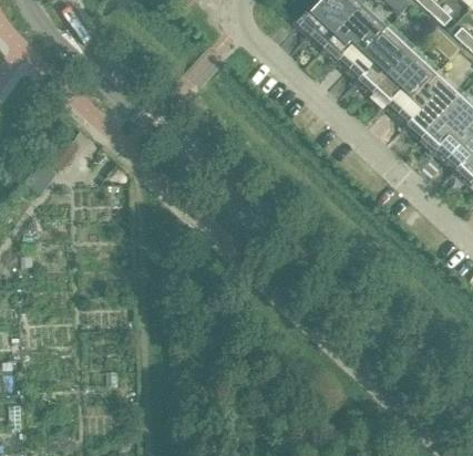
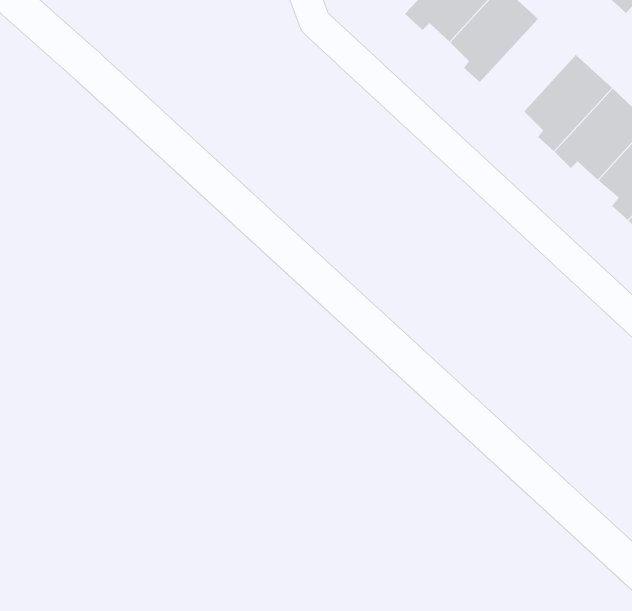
building: [347,27,410,87] -> none

